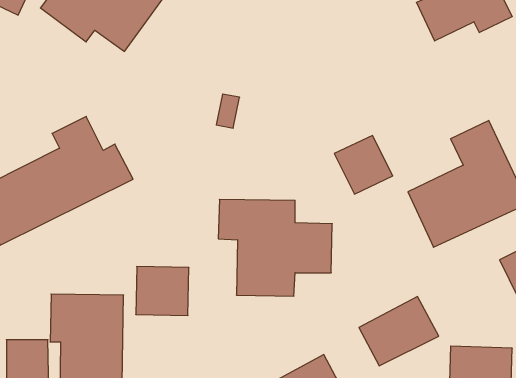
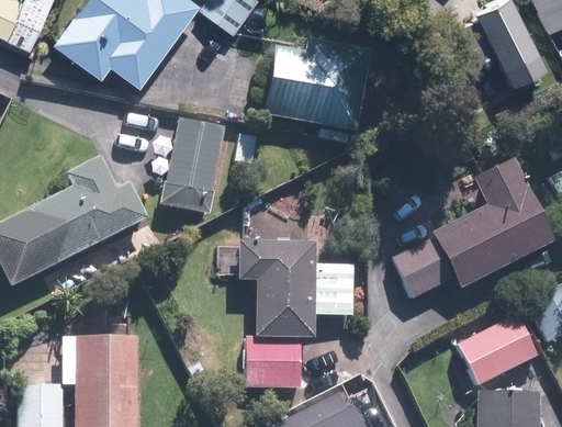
building: none -> [263,38,373,132]
building: none -> [161,119,225,215]
building: [334,136,393,194] -> [392,238,452,299]
building: [136,267,189,315] -> [247,338,302,389]
building: [359,297,439,366] -> [457,314,539,385]

